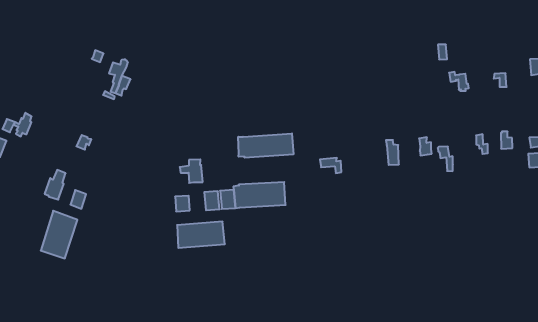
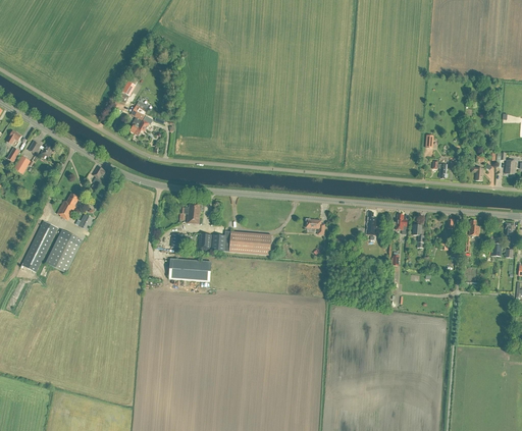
building: [238,133,293,158] -> none
building: none -> [21,220,58,271]

